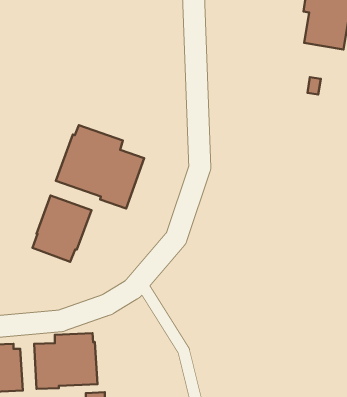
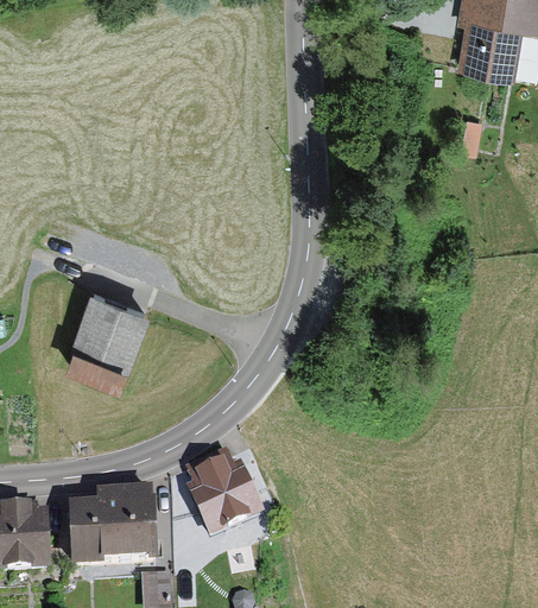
building: [56,125,144,208] -> none
building: none -> [184,446,265,537]

